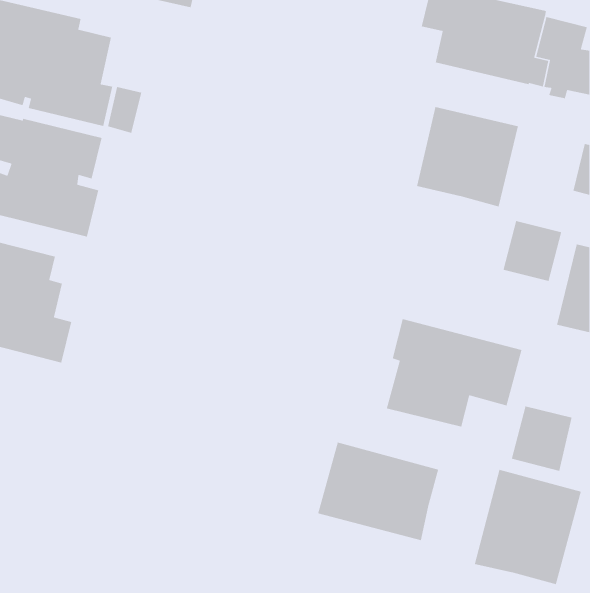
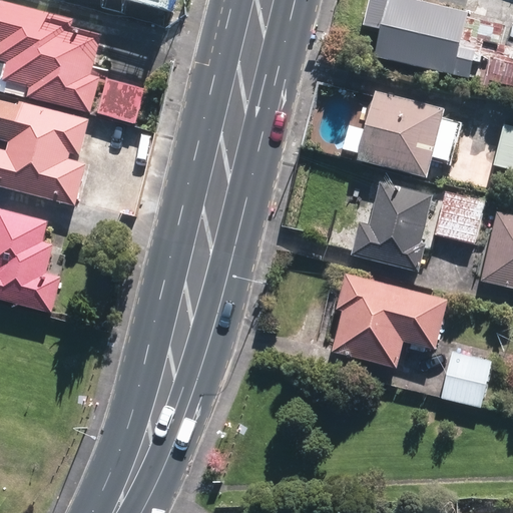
building: none -> [351,181,433,271]
building: [317,442,439,541] -> none
building: [474,469,582,585] -> none

